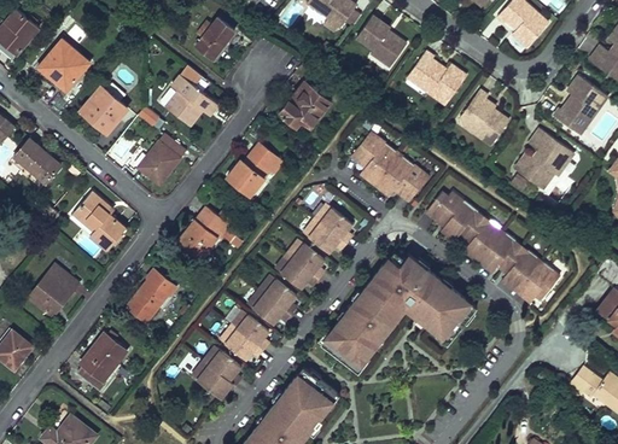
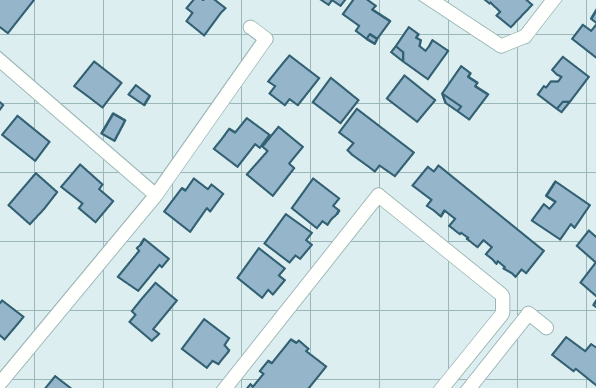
building: [40,39,92,92] -> none
building: [168,72,218,125] -> none
building: none -> [387,75,435,122]
building: none -> [313,78,359,123]
building: [144,132,187,182] -> none
building: [515,133,575,192] -> [532,182,590,240]
building: none -> [247,127,303,196]
building: [323,255,477,374] -> none
building: [25,265,75,317] -> [9,173,57,224]
building: [221,312,269,362] -> none
building: [78,333,127,392] -> [129,283,177,341]

